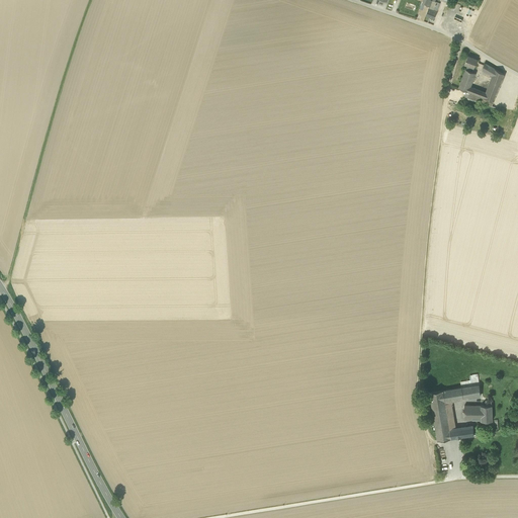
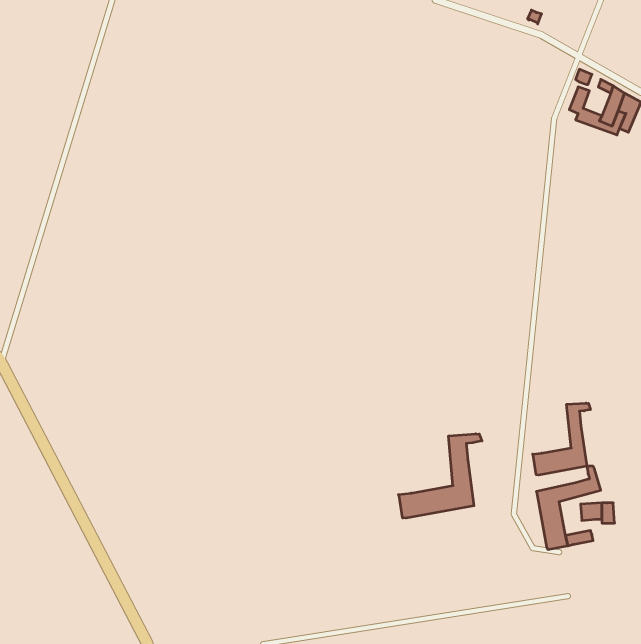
building: none -> [533,403,590,475]
building: none -> [398,434,482,518]

